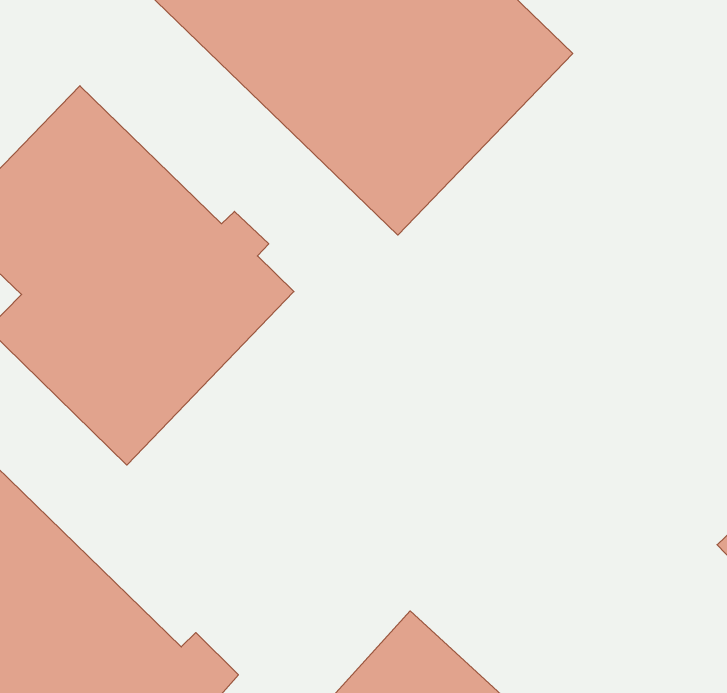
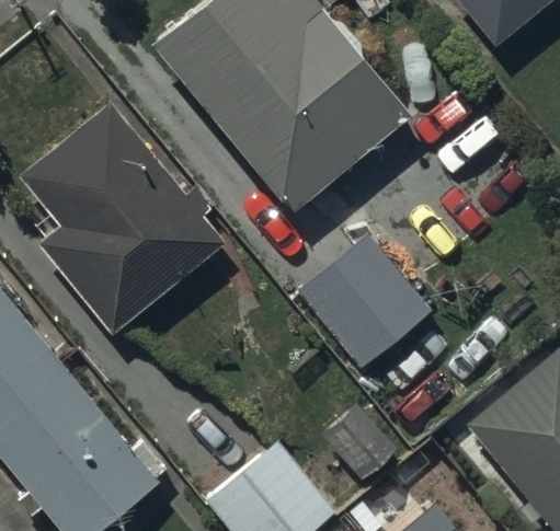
building: none -> [298,234,434,372]

